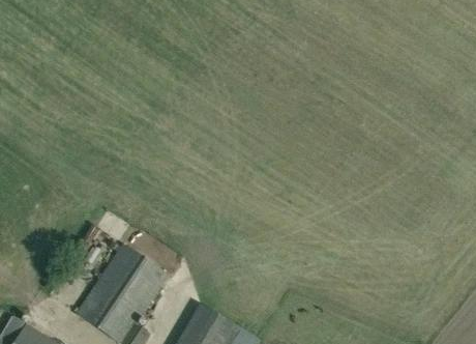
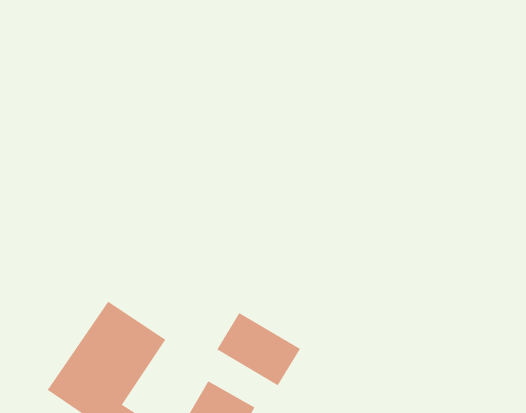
building: none -> [216,312,301,386]

